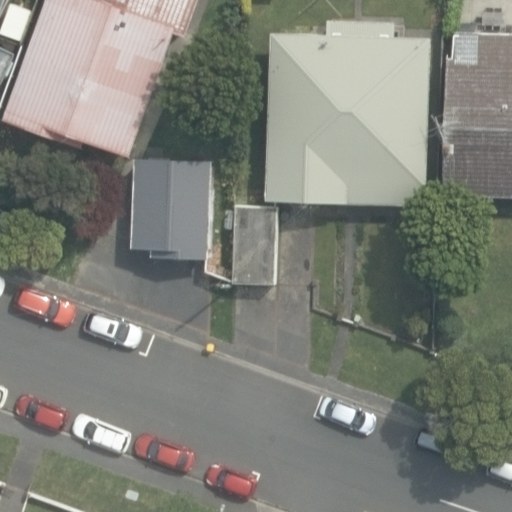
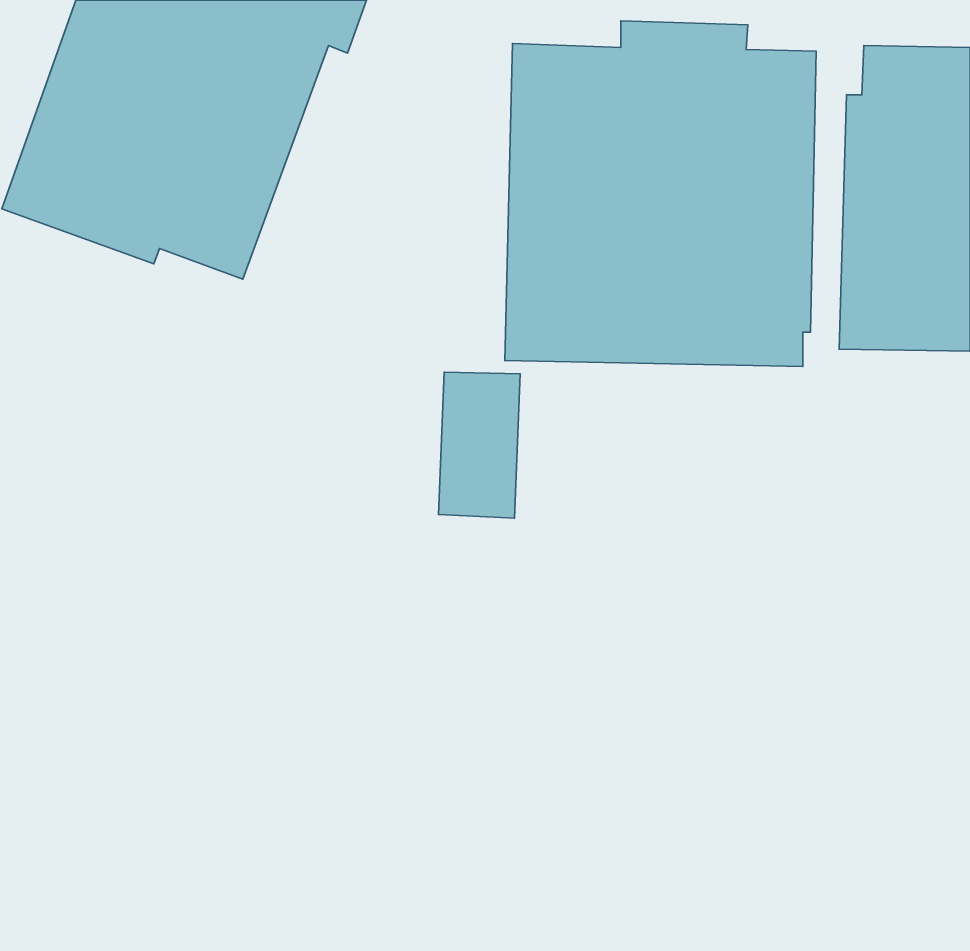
building: [133,164,207,247] -> none

